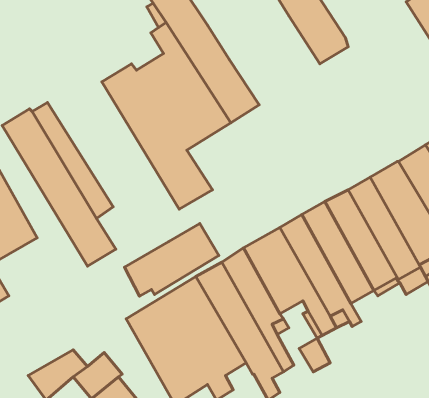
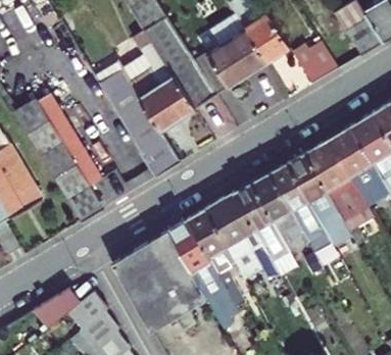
building: none -> [194,24,265,95]
building: none -> [286,35,339,85]
building: [124,223,219,296] -> none

